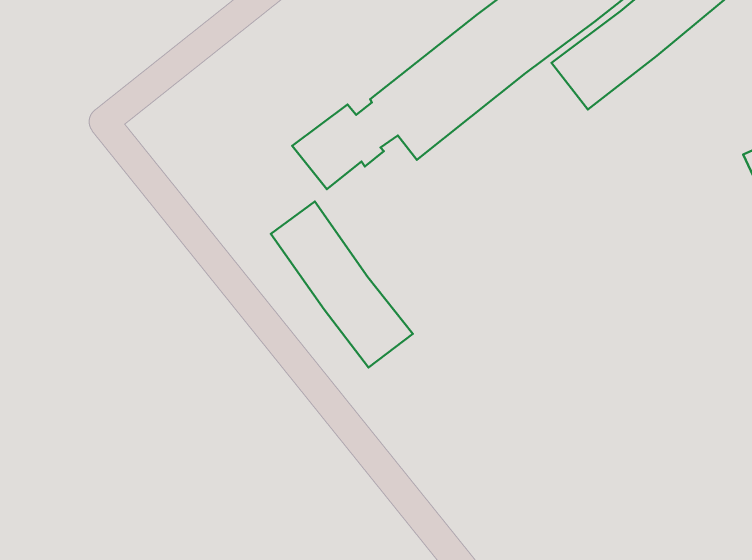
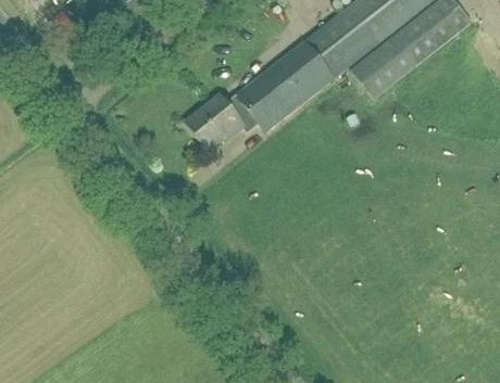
building: [271,202,413,368] -> none

